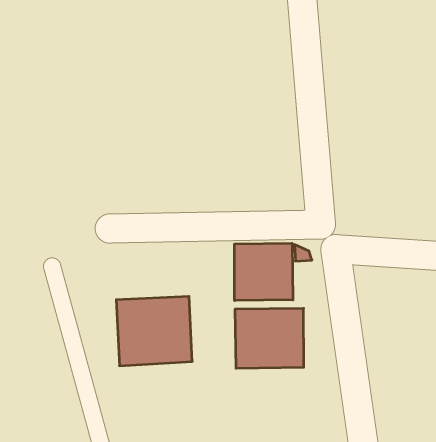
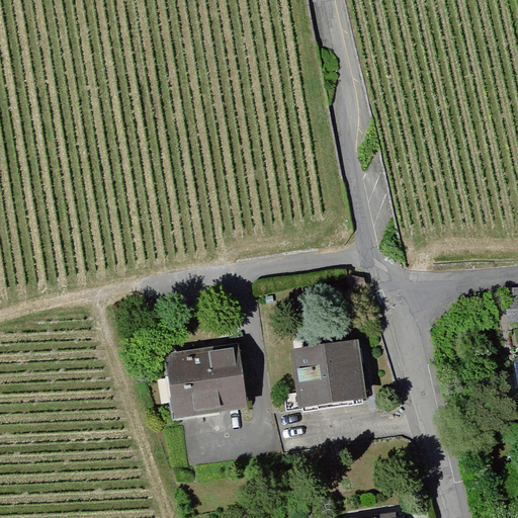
building: [235,243,293,301] -> none

